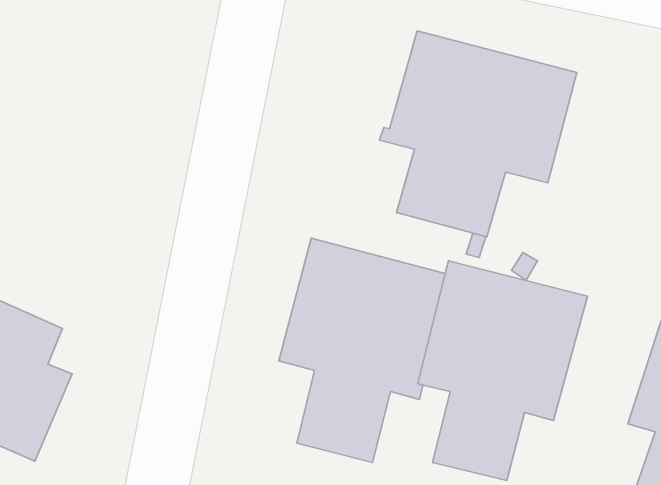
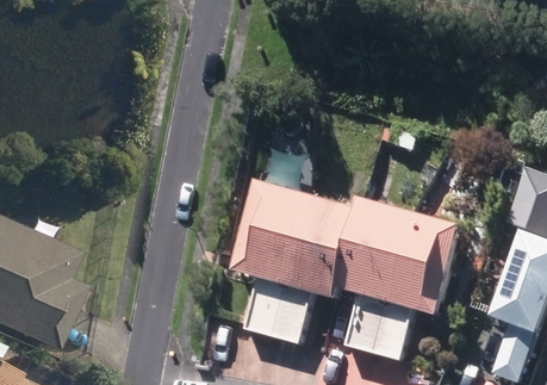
building: [380,31,577,237] -> none

